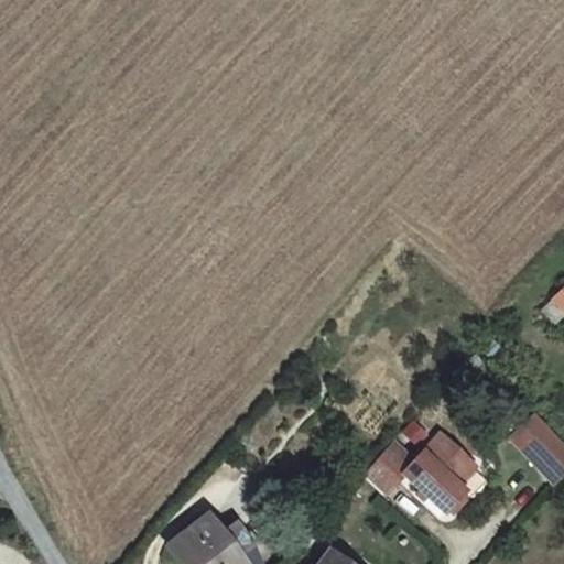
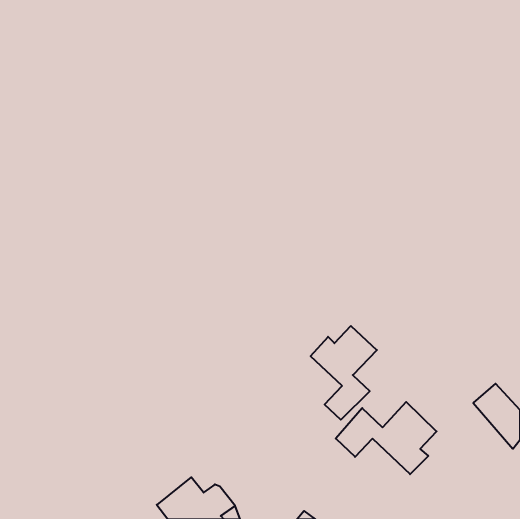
building: none -> [311,326,377,420]

